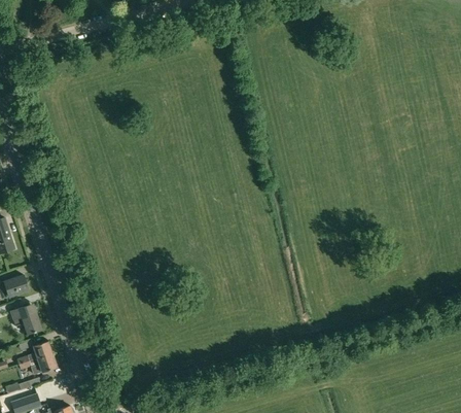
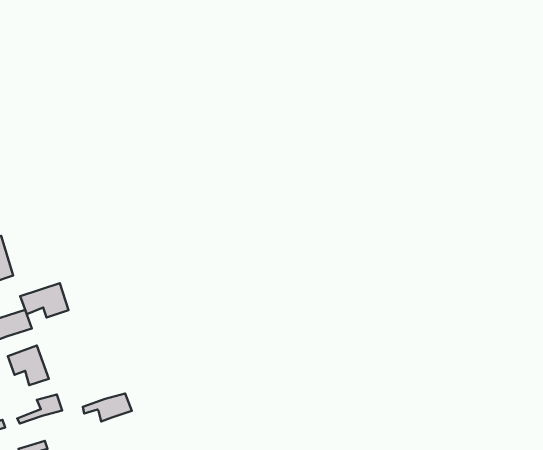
building: none -> [20,283,69,318]
building: [19,353,57,375] -> [83,394,132,421]

